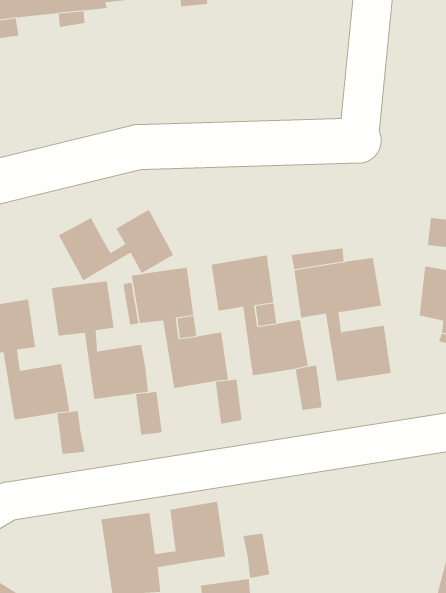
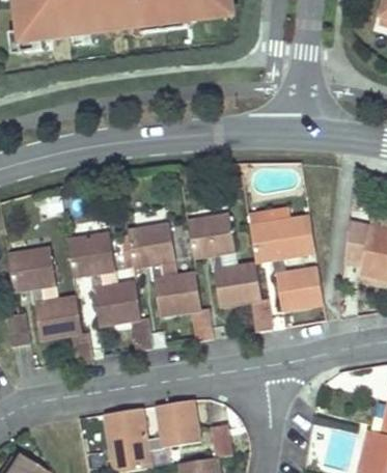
building: [58,209,174,281] -> none

